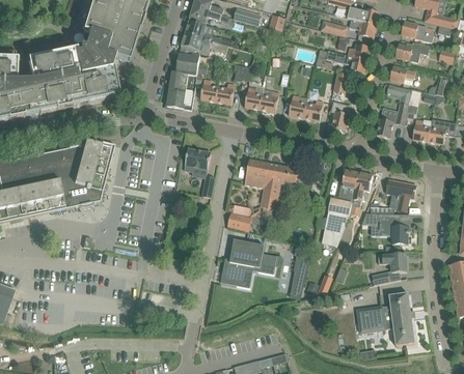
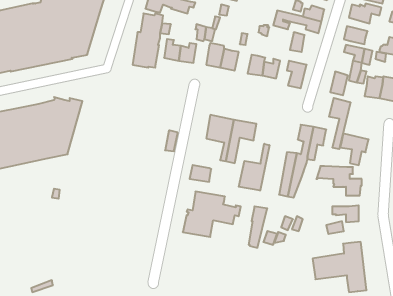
building: none -> [329,98,350,149]
building: [184,147,211,171] -> none
building: none -> [239,144,269,191]

